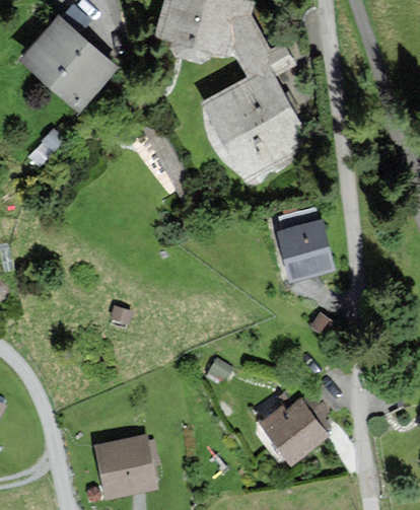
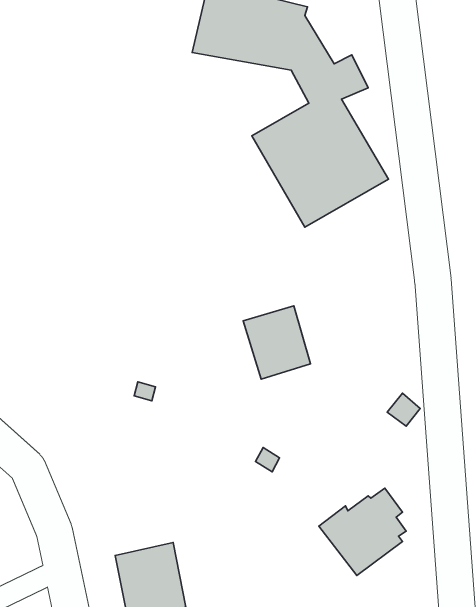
building: [18,17,110,107] -> none
building: [280,223,334,282] -> [243,306,310,379]

